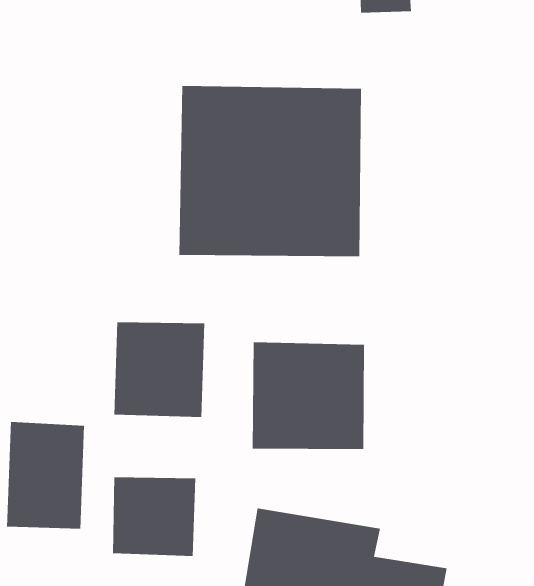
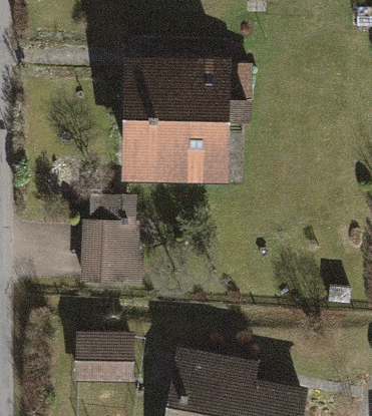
building: [252,342,365,450] -> none
building: [7,421,85,530] -> none

